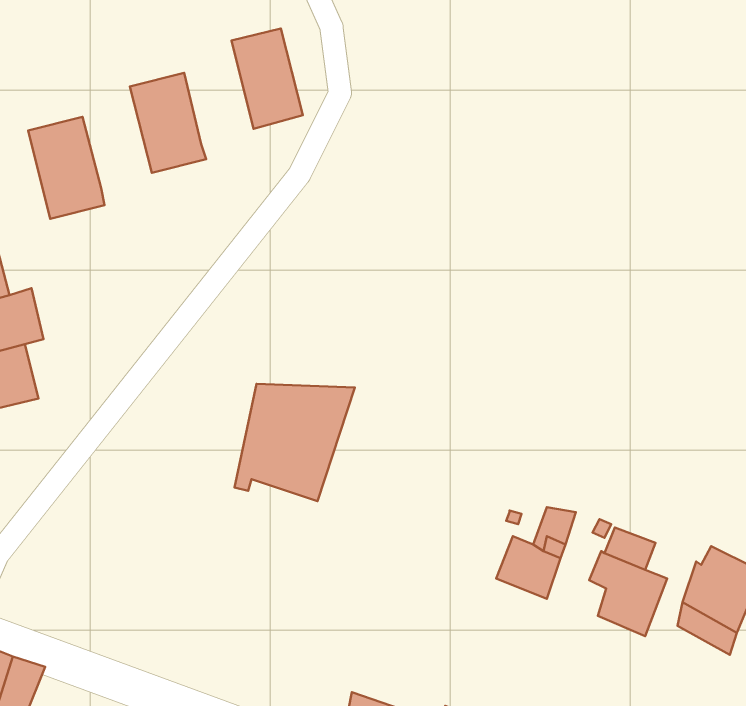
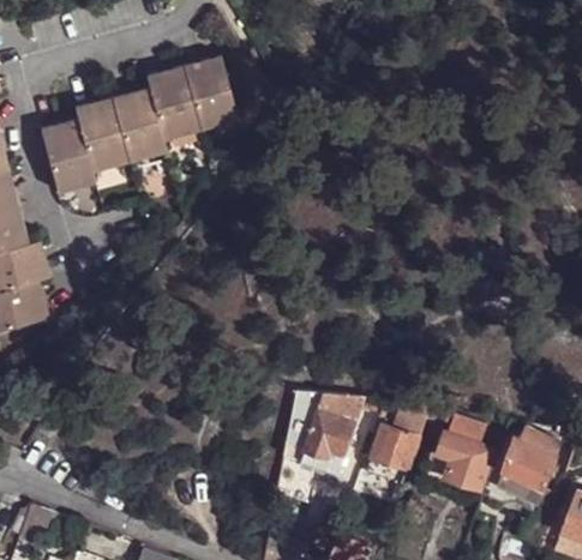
building: none -> [148,68,200,141]
building: none -> [76,101,128,173]
building: [235,384,355,501] -> [280,390,365,472]

